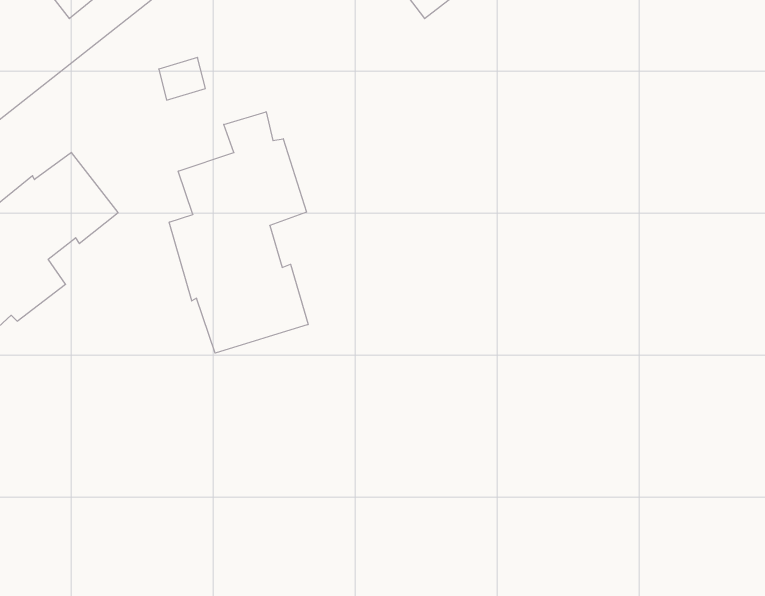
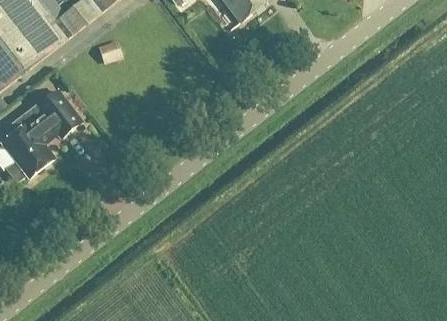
building: [169,112,308,353] -> none

